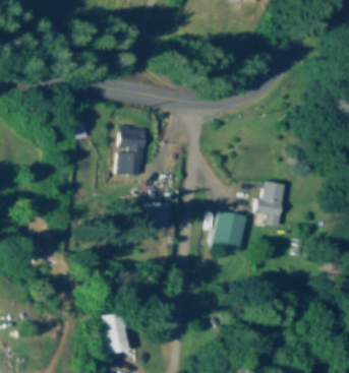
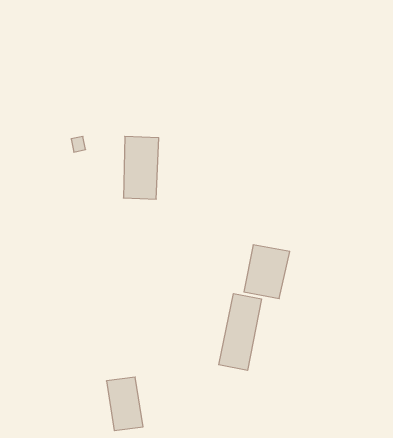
building: [255,180,285,226] -> none
building: none -> [219,294,261,370]

